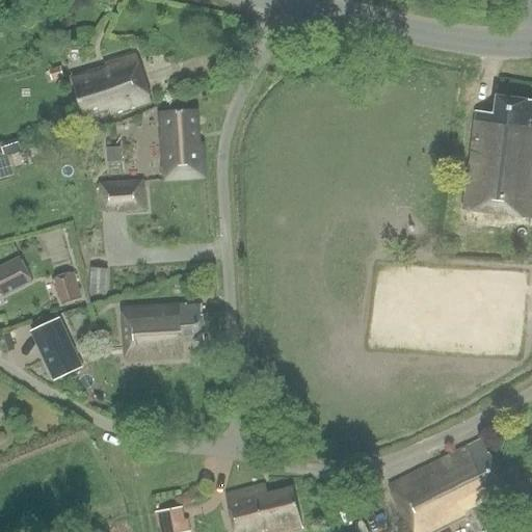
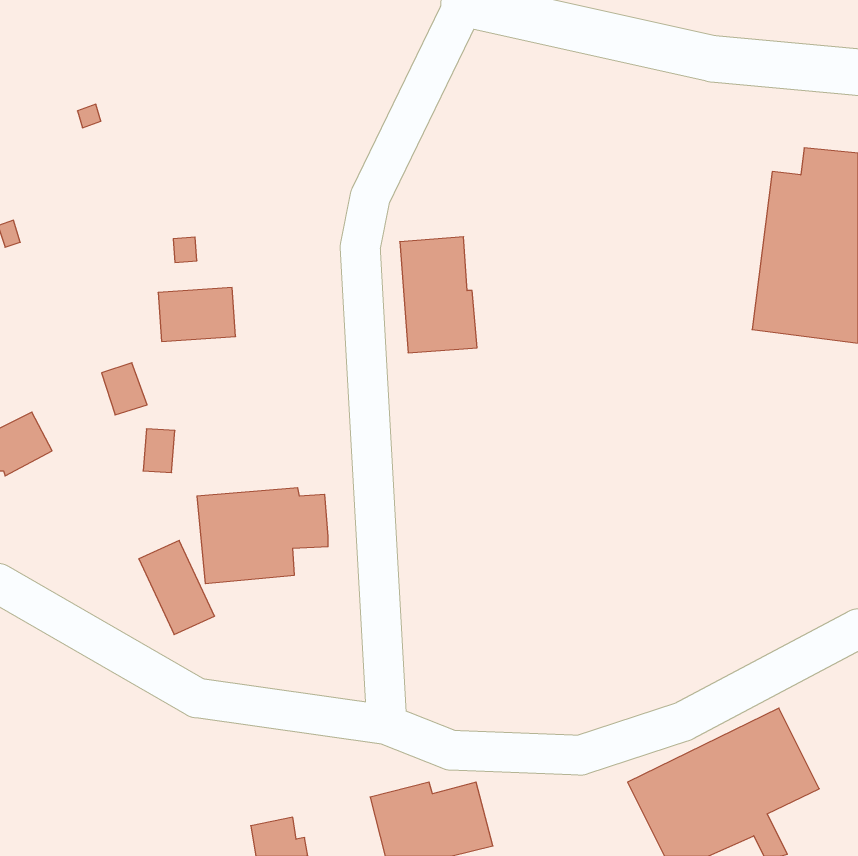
building: [69,51,147,114] -> none
building: [158,108,206,180] -> [400,237,477,353]
building: [53,270,81,302] -> [102,363,147,415]
building: [33,320,80,378] -> [139,540,215,635]

